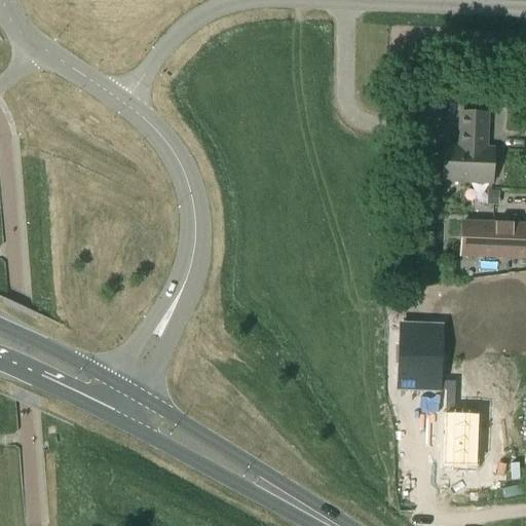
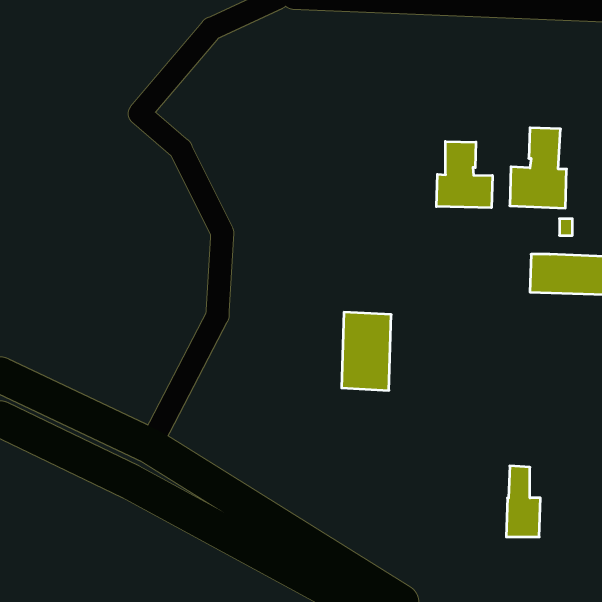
building: none -> [436,141,492,208]
building: [400,322,443,389] -> [342,312,391,390]

